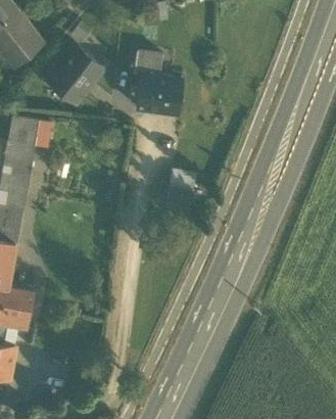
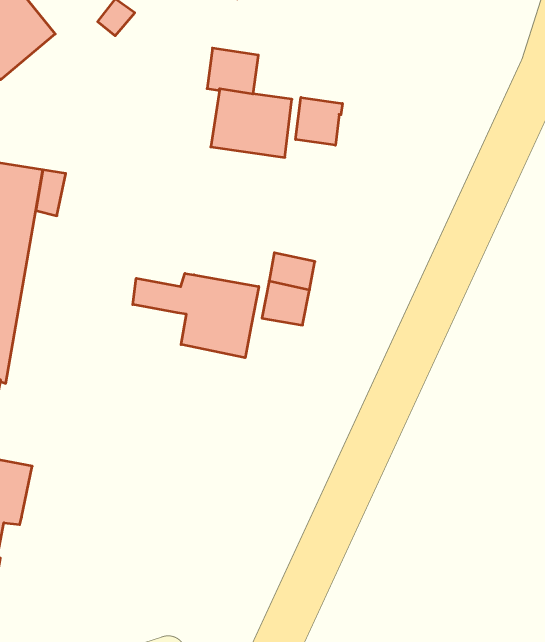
building: [45,43,105,105] -> none
building: none -> [296,97,342,145]
building: none -> [133,273,259,358]

